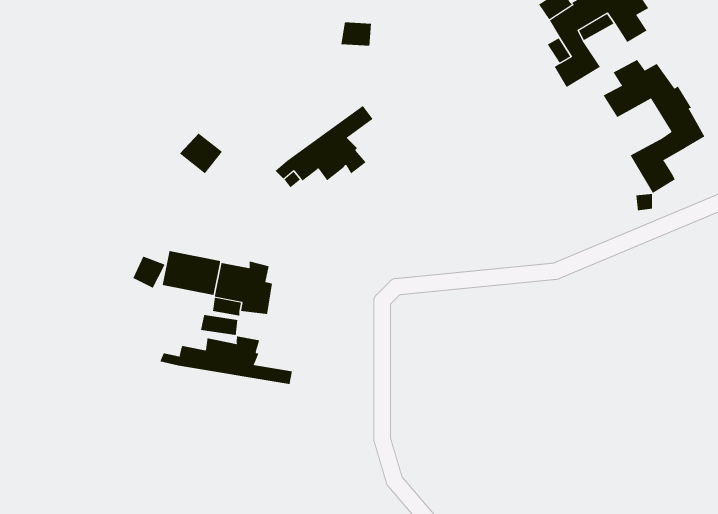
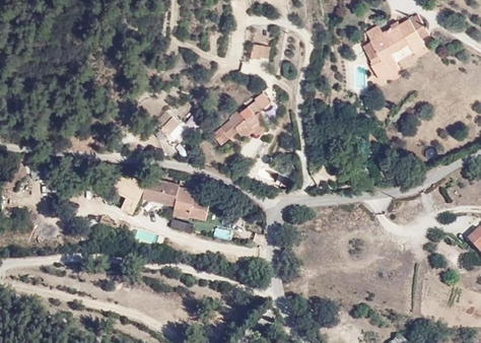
building: [603,59,705,194] -> none
building: [159,335,293,385] -> none

